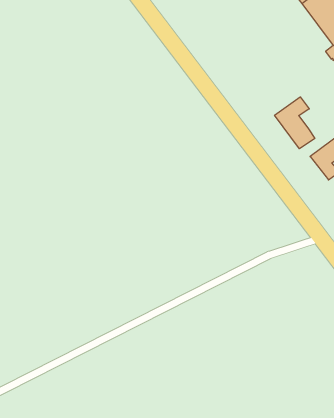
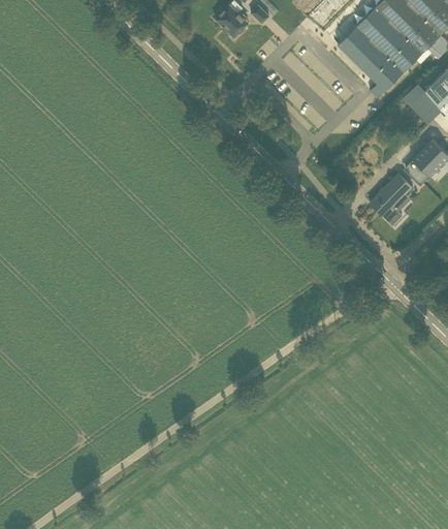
building: [275,97,315,149] -> none

